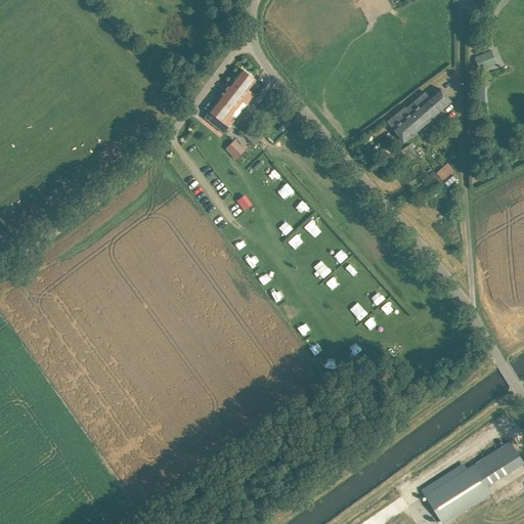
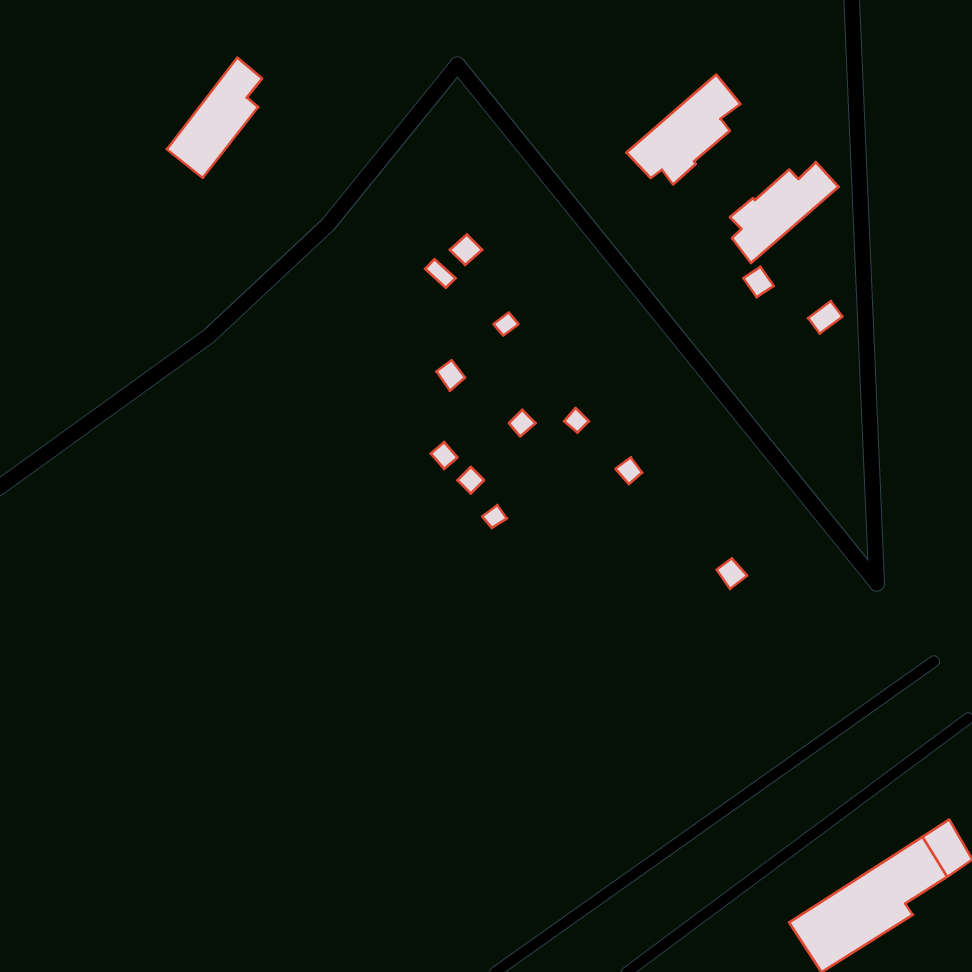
building: none -> [626,75,740,184]
building: [204,68,255,132] -> [167,58,262,178]

